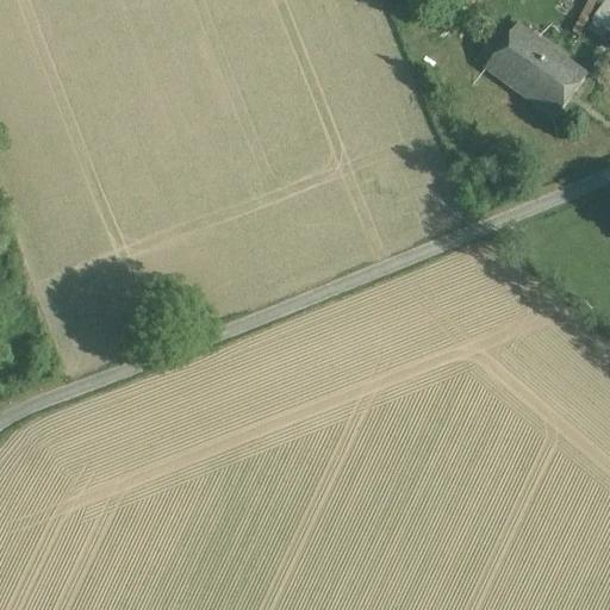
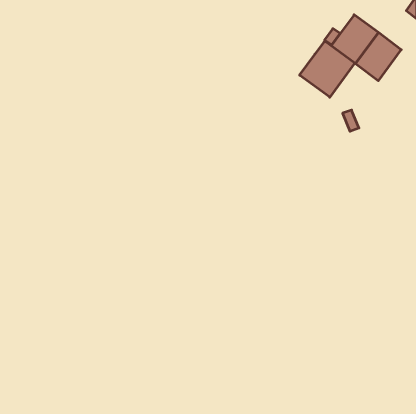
building: none -> [300,41,355,97]

